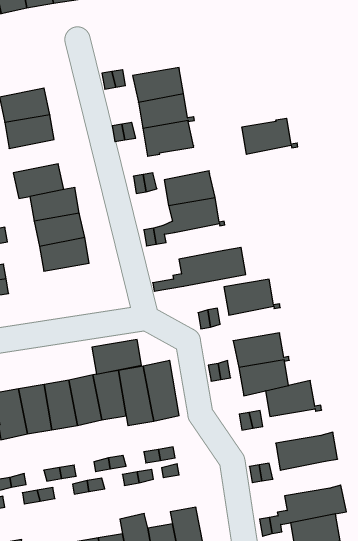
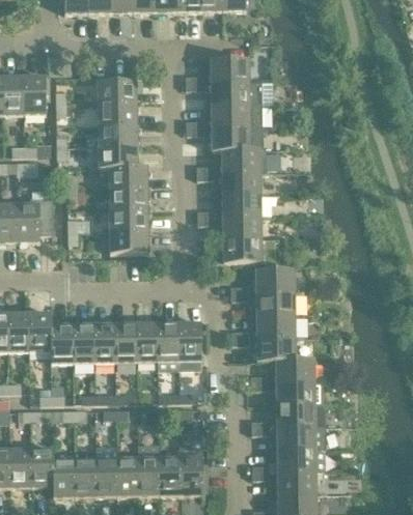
building: none -> [210,58,253,83]
building: [242,118,298,154] -> [221,148,265,173]
building: none -> [98,123,136,145]
building: none -> [222,216,260,239]
building: none -> [255,291,295,314]
building: [92,340,141,374] -> [109,230,147,253]
building: none -> [275,379,325,404]
building: none -> [276,426,325,449]

